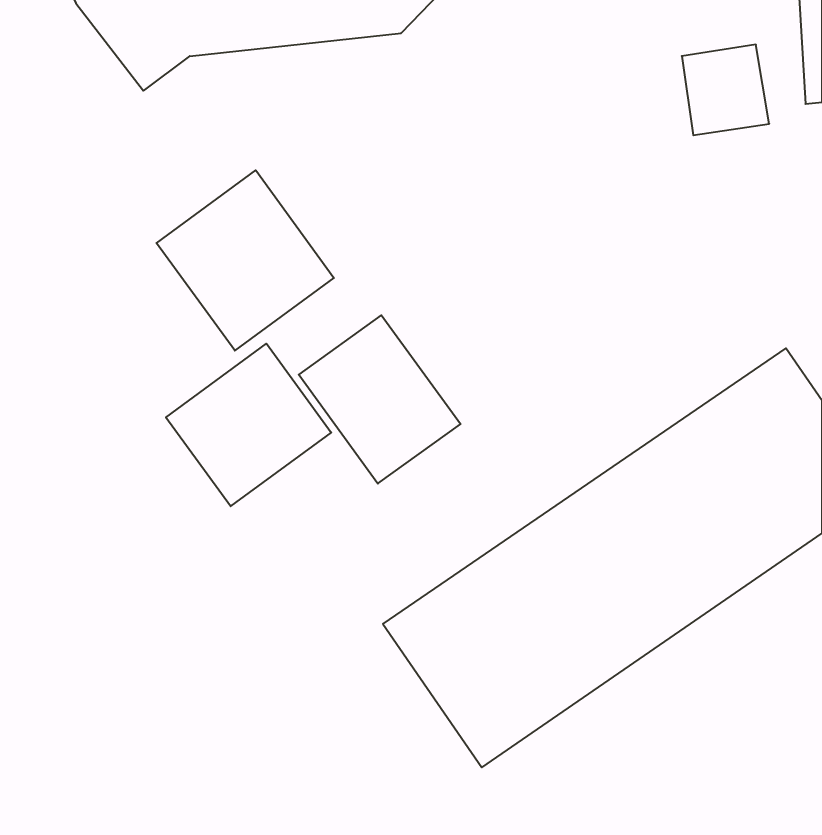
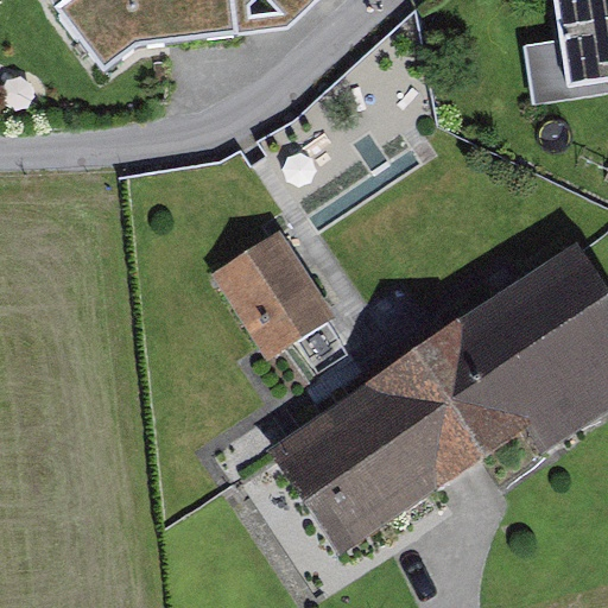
building: [156,170,334,351] -> none
building: [166,344,331,506] -> none

